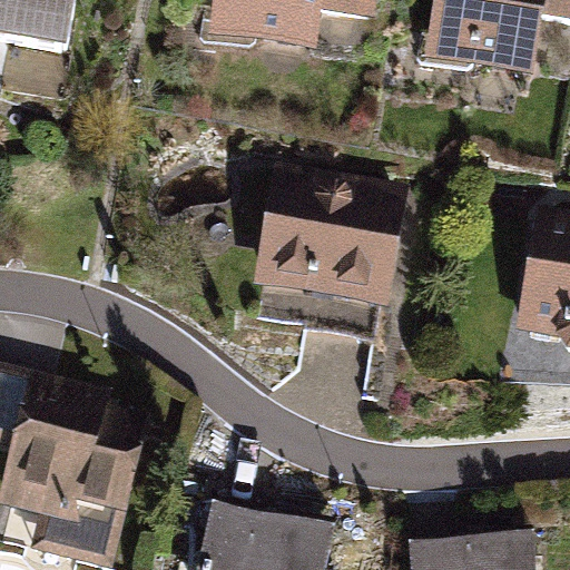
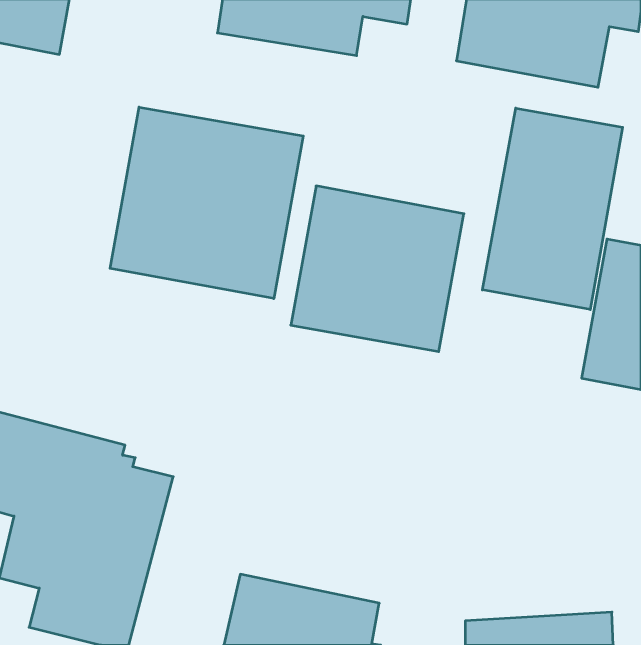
building: none -> [110,107,303,299]
building: none -> [482,108,623,310]

